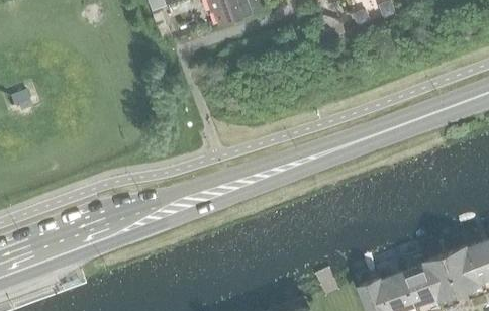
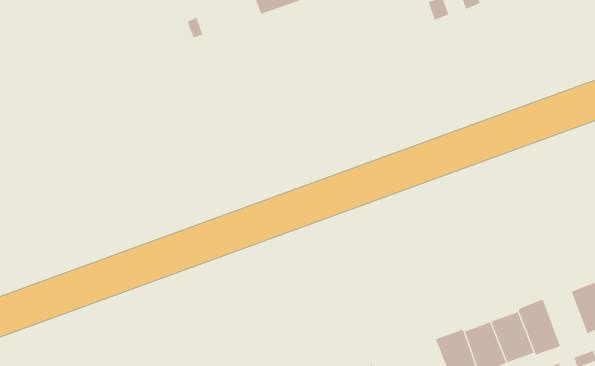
building: [446,244,481,291] -> none

